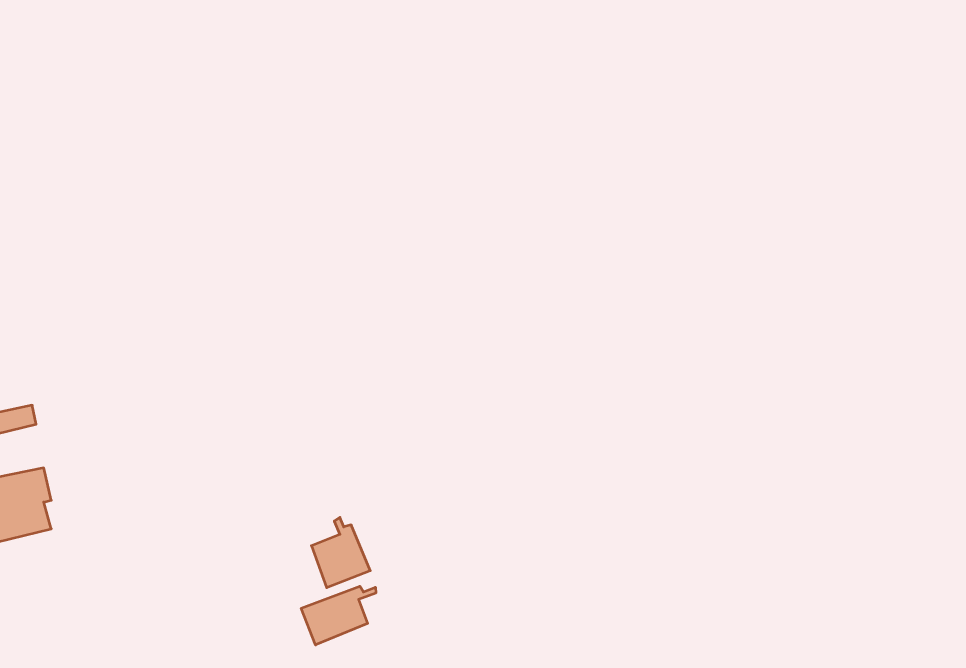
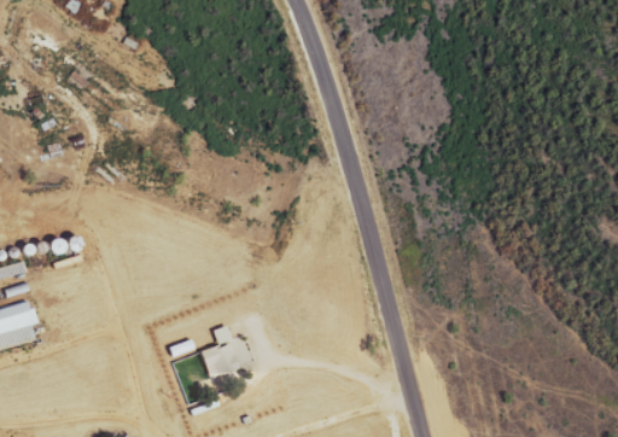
building: [301,586,376,645] -> none

